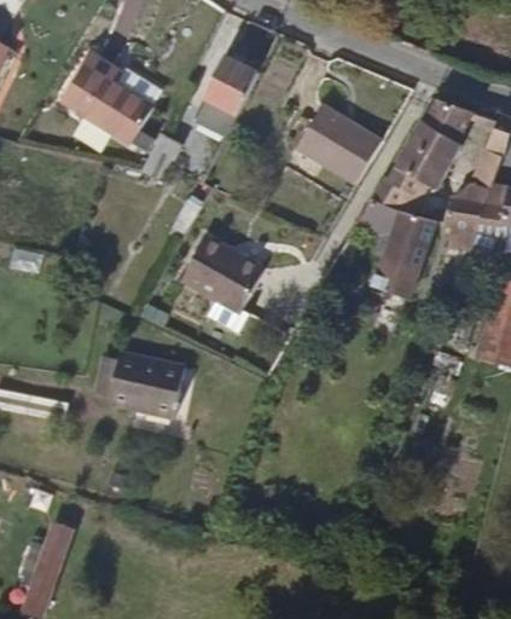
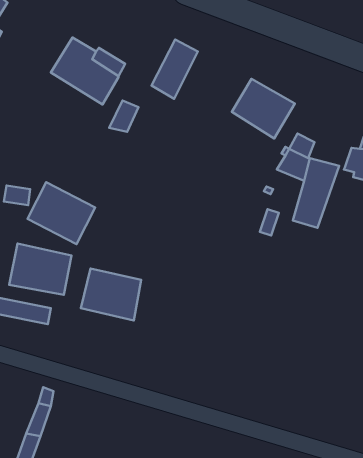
building: [395,97,463,190] -> none
building: [178,232,265,312] -> [27,182,95,244]
building: none -> [9,244,71,295]

